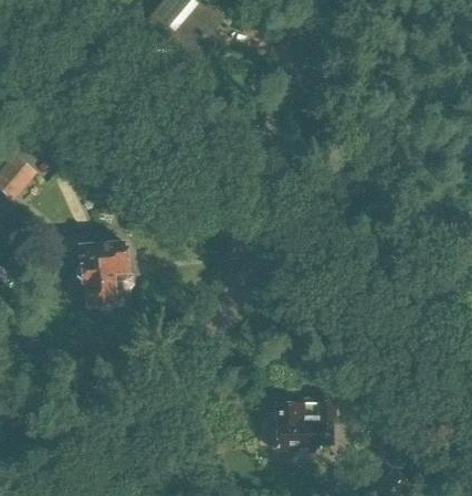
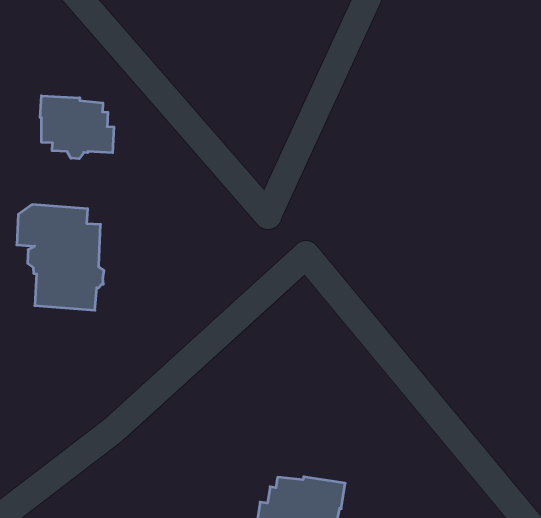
building: none -> [40,96,114,159]

